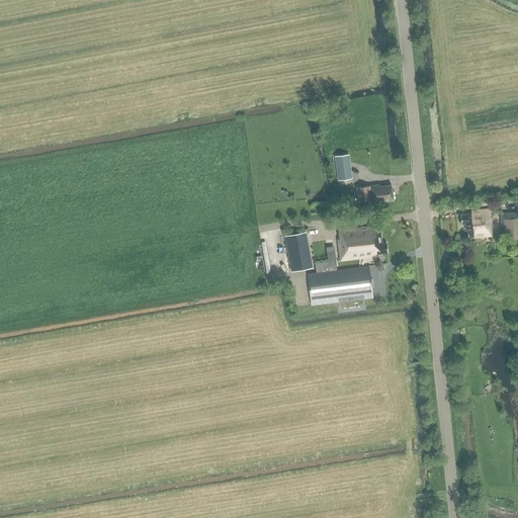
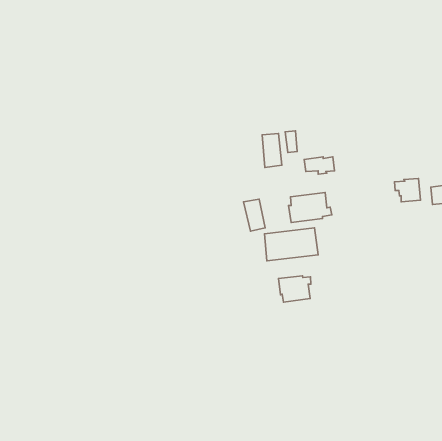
building: none -> [262,134,282,168]
building: none -> [279,276,311,302]

